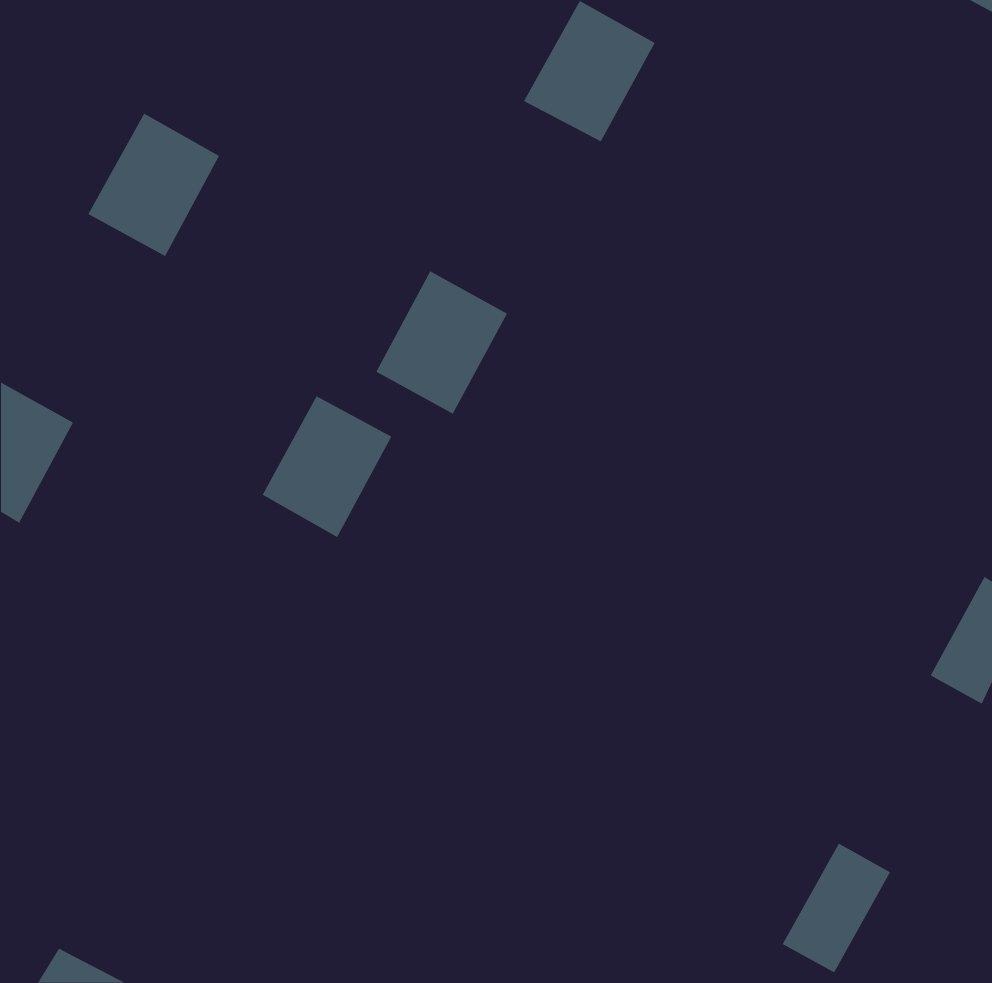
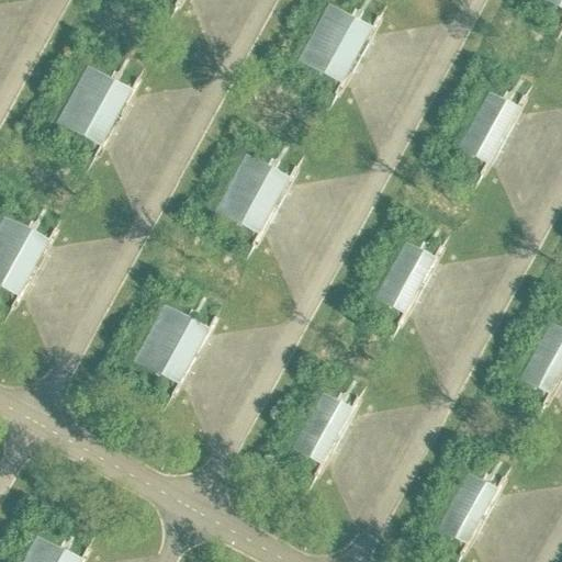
building: none -> [458,89,519,161]
building: [262,396,392,538] -> [131,304,204,384]
building: none -> [374,241,435,314]
building: none -> [291,392,352,465]

